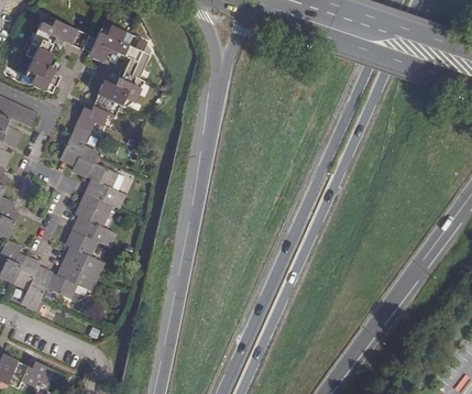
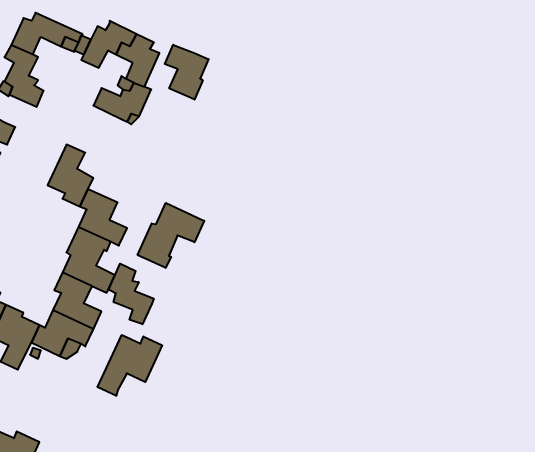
building: none -> [165,45,209,100]
building: [75,94,120,132] -> none
building: none -> [138,203,204,268]
building: none -> [109,264,154,324]
building: none -> [98,335,162,396]

